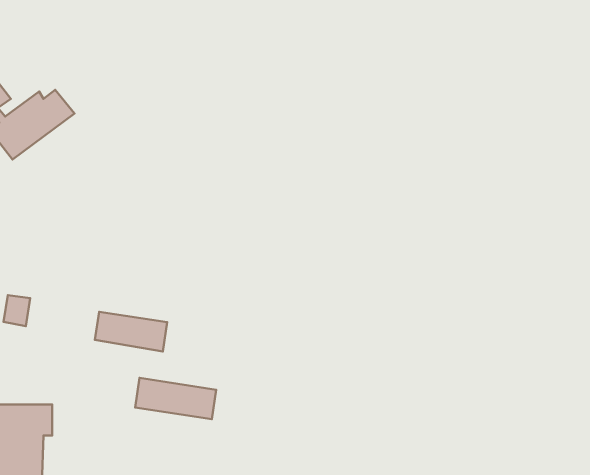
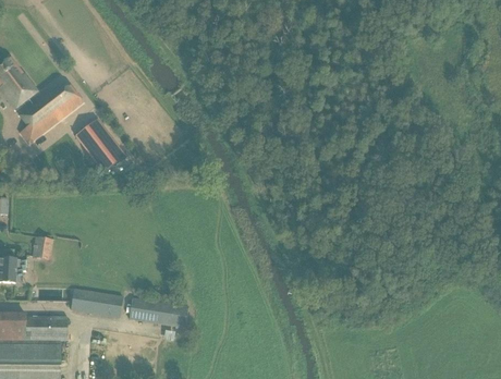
building: none -> [74,119,124,173]
building: [95,312,167,352] -> [69,289,122,318]

